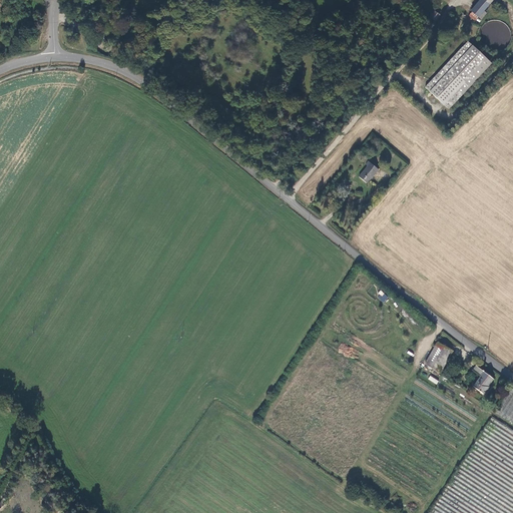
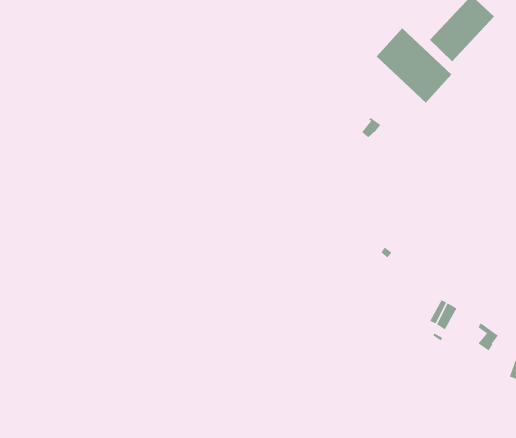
building: none -> [376,28,452,103]

